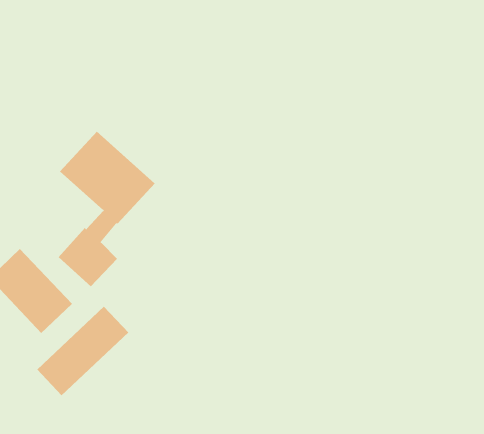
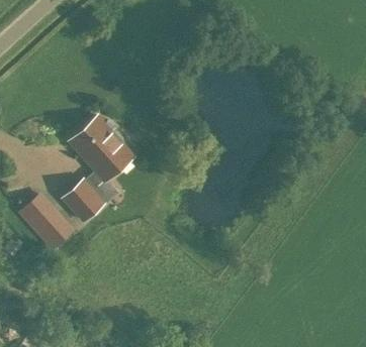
building: [36,306,129,396] -> none

